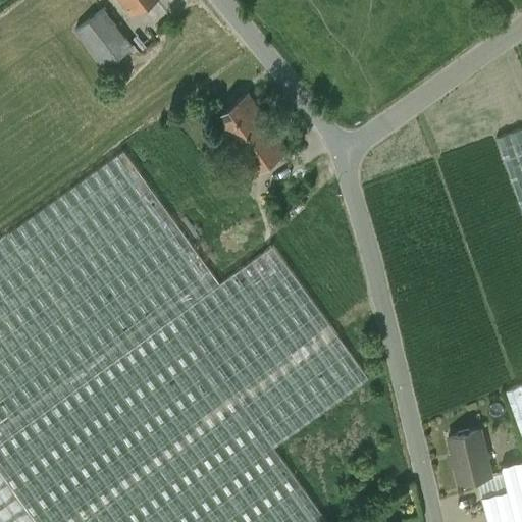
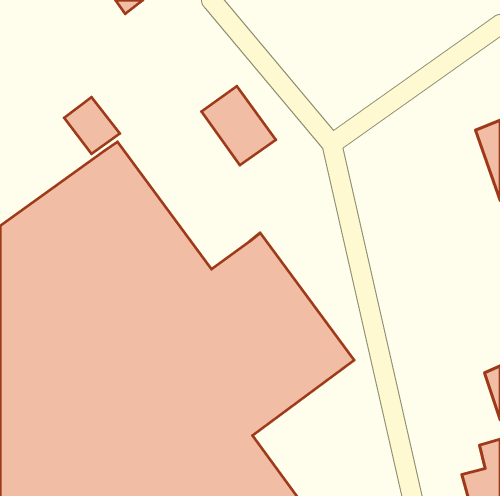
building: [74,11,133,70] -> [64,97,120,154]
building: [446,431,489,486] -> none

